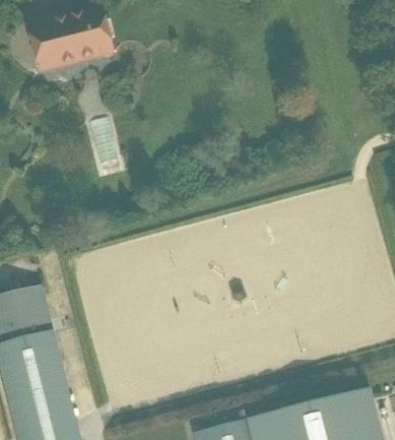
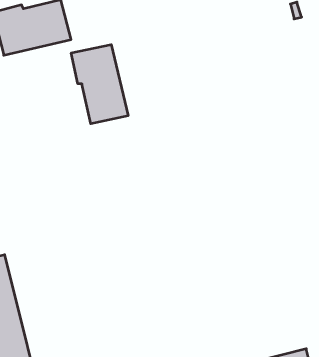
building: none -> [71,45,128,124]

